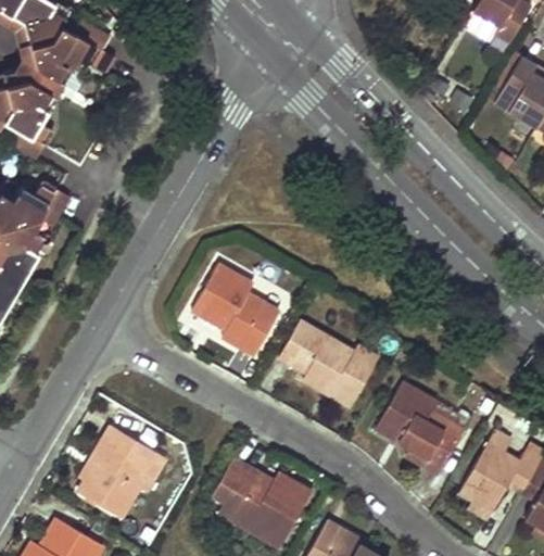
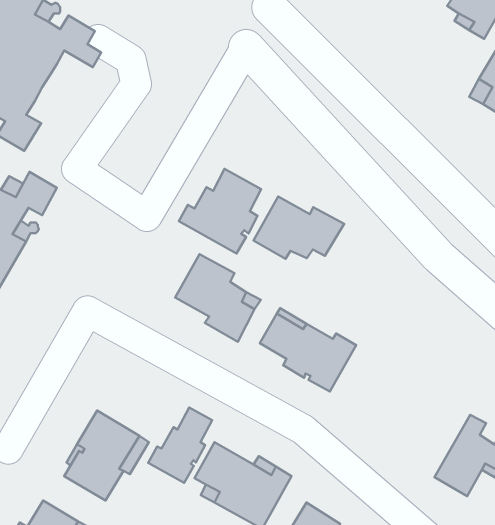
building: none -> [179,169,261,253]
building: none -> [253,196,344,259]
building: [376,382,463,472] -> none
building: none -> [148,408,212,483]

